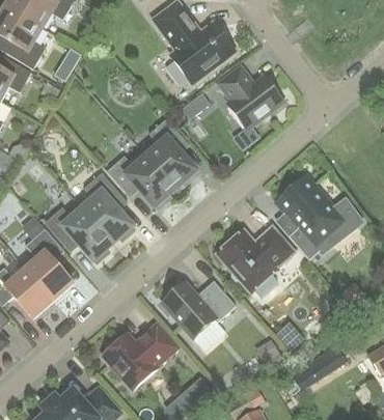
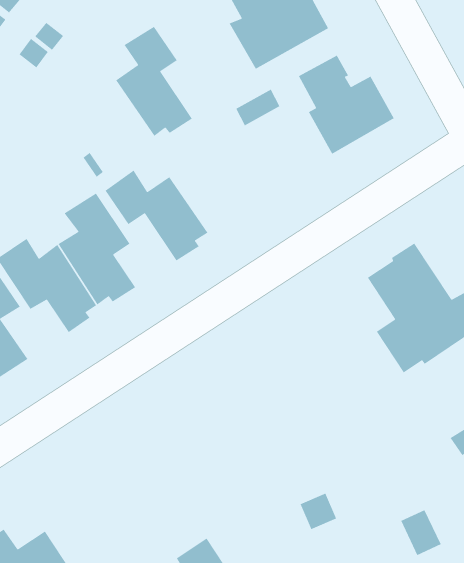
building: [146,117,198,187] -> [115,26,193,137]
building: [218,225,294,290] -> none
building: [162,279,236,337] -> none
building: [103,321,177,388] -> none

